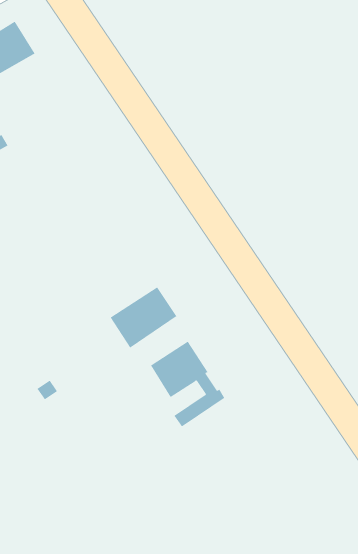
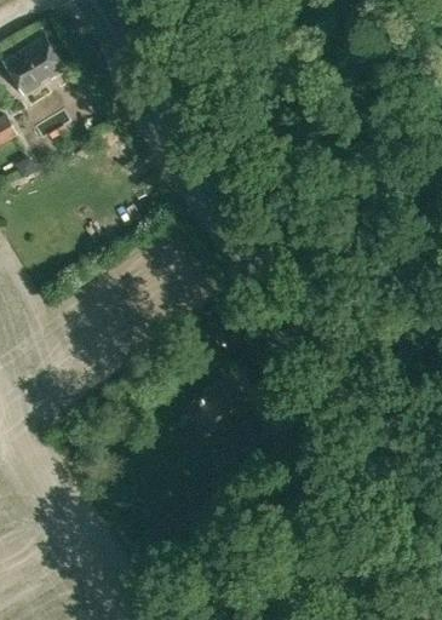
building: [110,286,177,349] -> none

